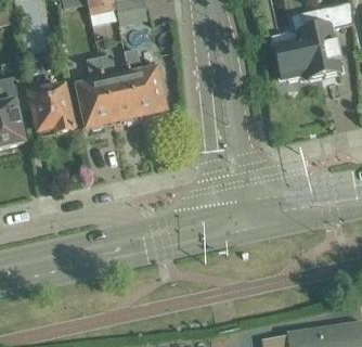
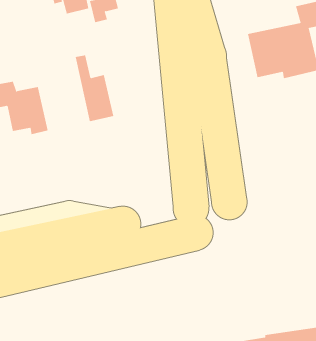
building: [124,48,165,115] -> none
building: [77,56,114,127] -> none

